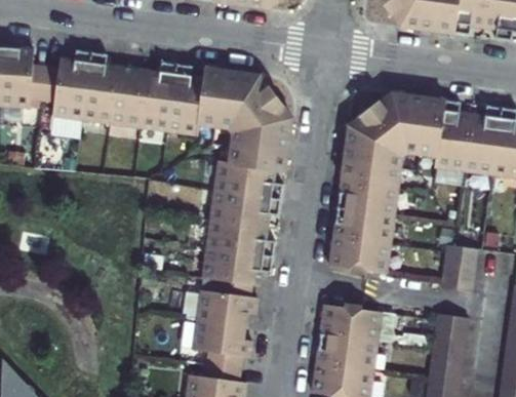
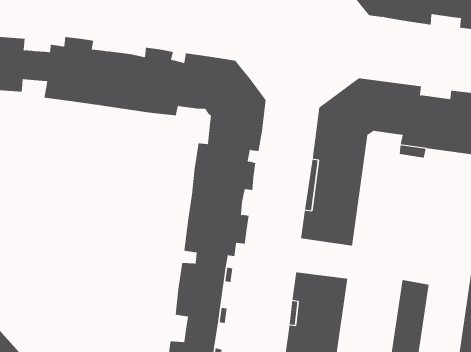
building: [440,243,477,290] -> none

